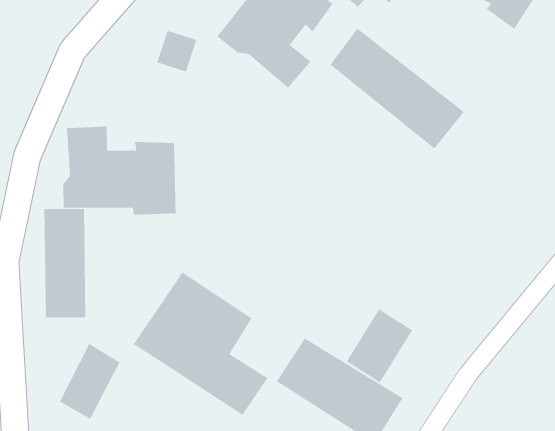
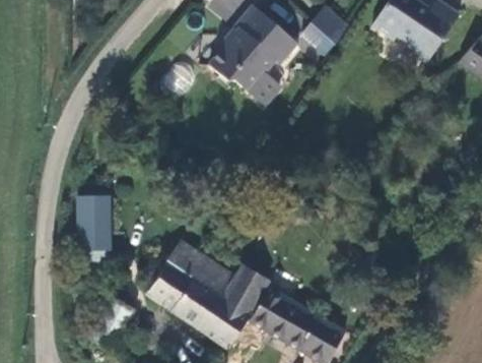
building: [329,28,465,150] -> none
building: [63,126,177,215] -> none
building: [346,308,413,384] -> [218,261,268,317]

